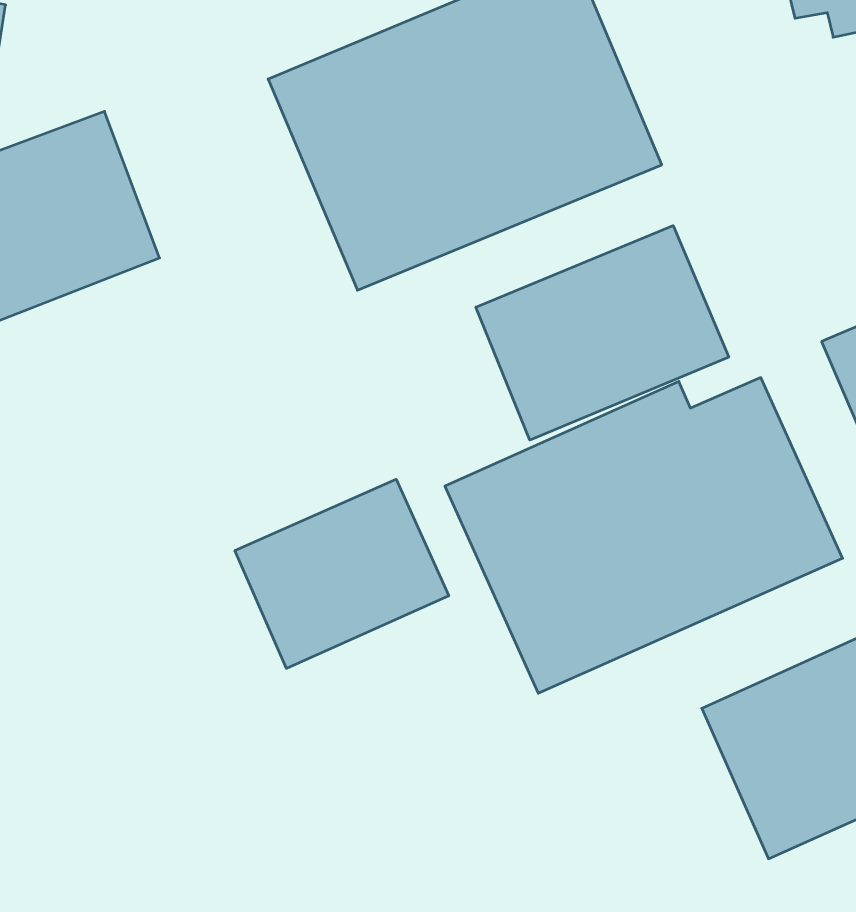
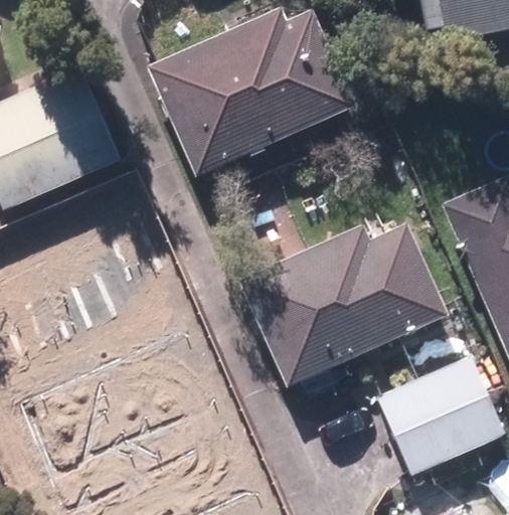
building: [476,226,729,440] -> none
building: [235,479,449,668] -> none

